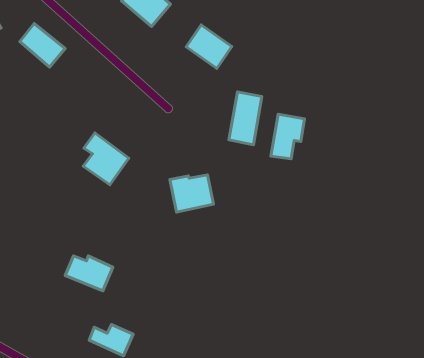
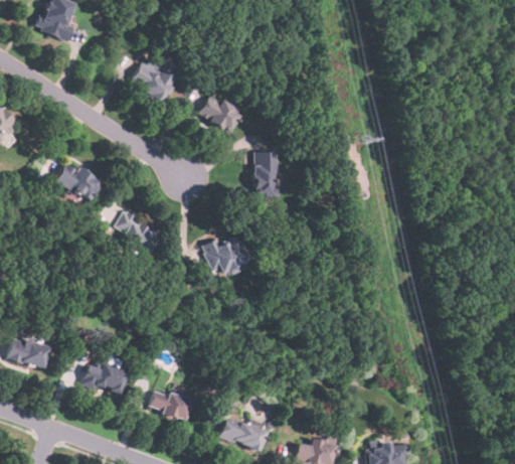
building: [20,24,65,67] -> [56,161,101,200]
building: [271,114,305,159] -> none
building: [65,256,113,291] -> [83,362,128,394]

